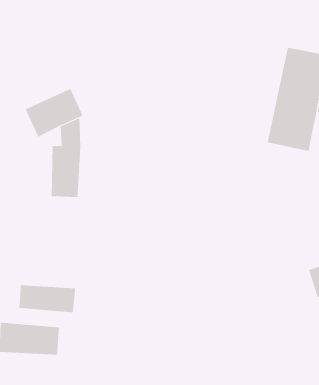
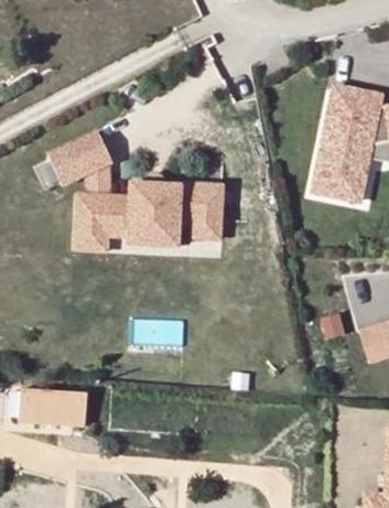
building: none -> [108,183,224,236]
building: [19,284,76,313] -> none

